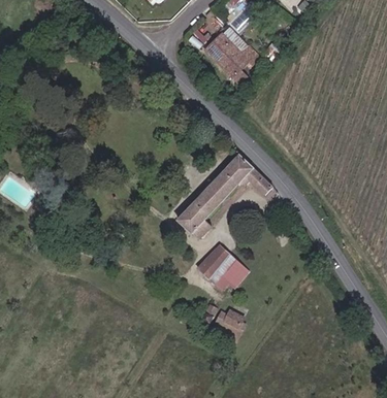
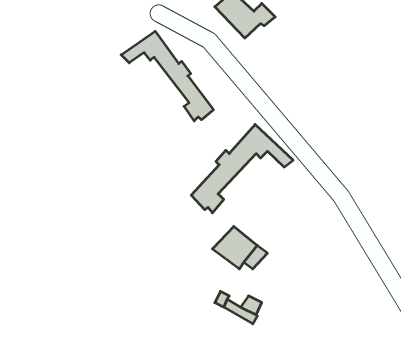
building: none -> [121,31,213,121]

